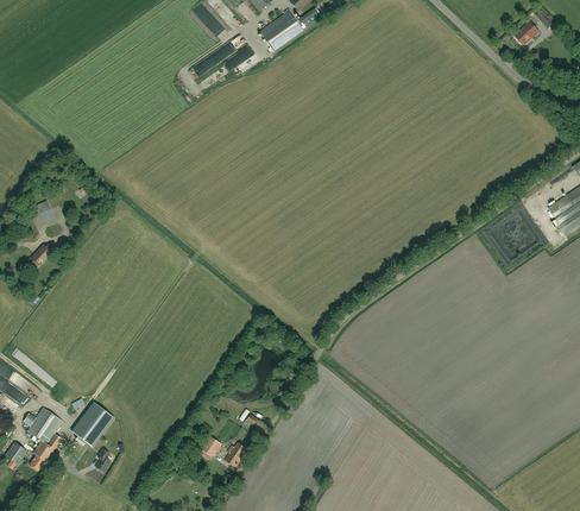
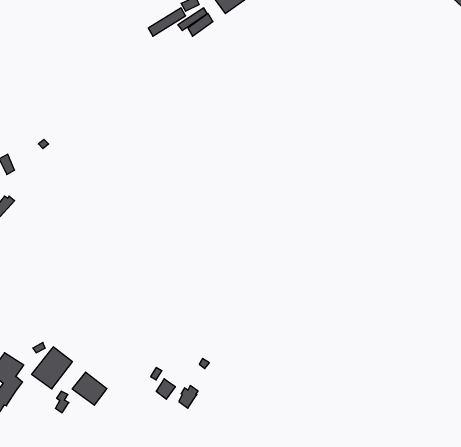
building: none -> [72,372,107,405]

